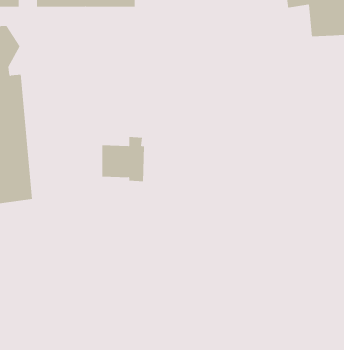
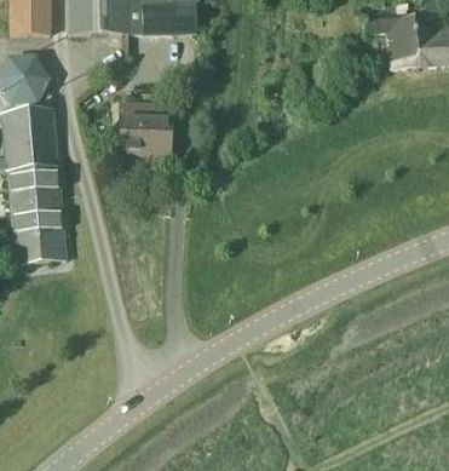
building: [102,136,145,182] -> [120,105,171,159]

